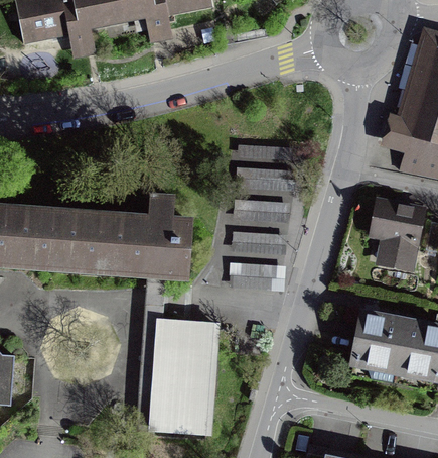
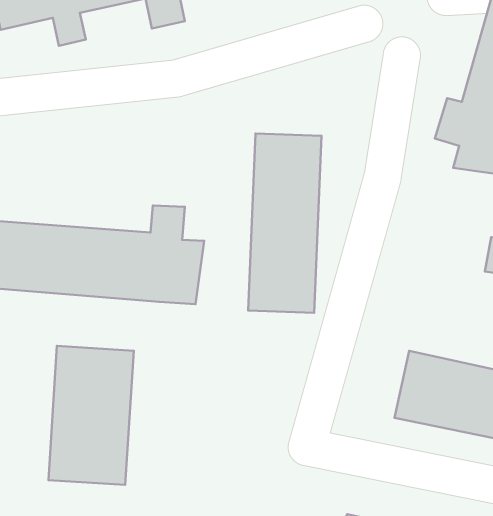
building: [366,194,426,271] -> none
building: [149,322,220,437] -> [48,346,134,485]

